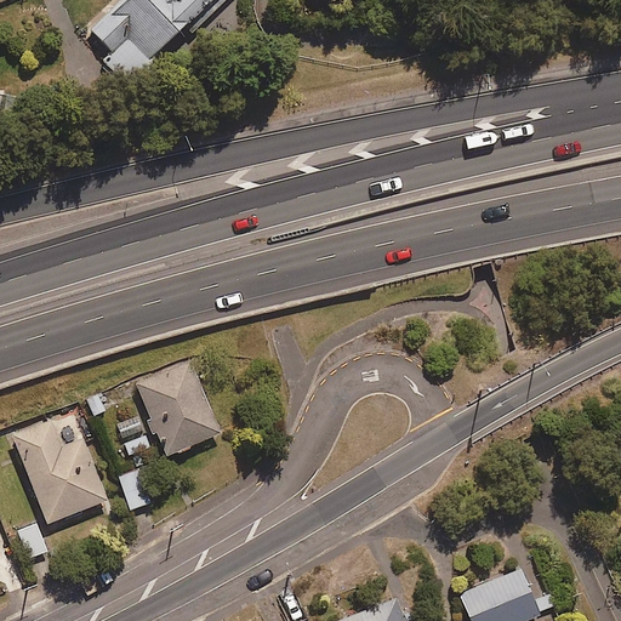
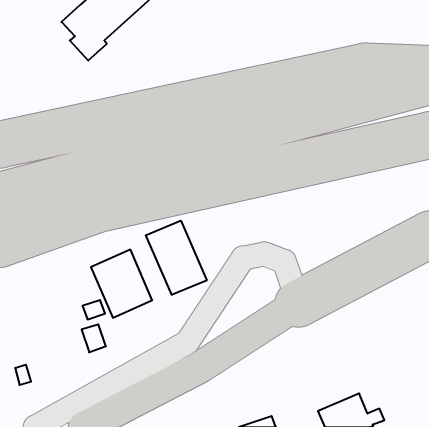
building: none -> [146,221,207,295]
building: [10,417,107,524] -> none

